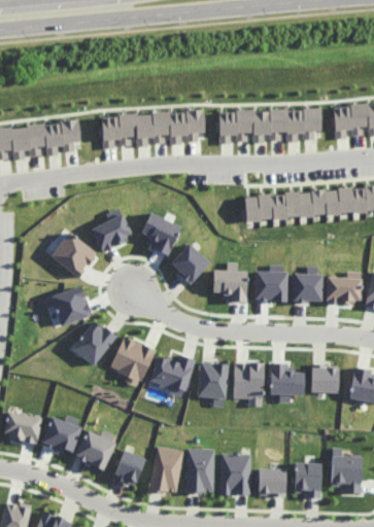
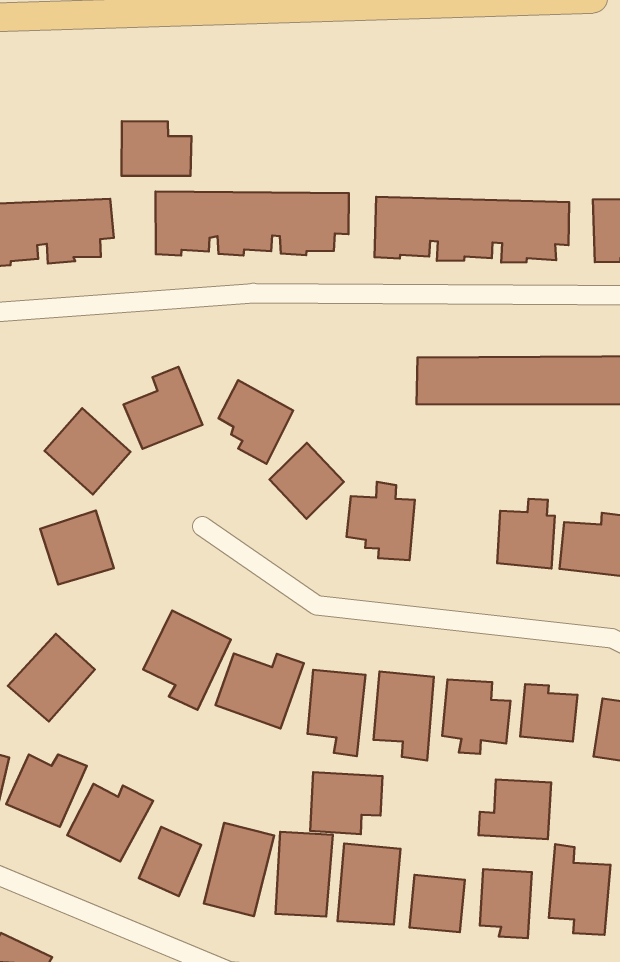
building: none -> [121,121,191,176]
building: [254,265,286,301] -> none
building: [70,319,115,365] -> [8,634,95,721]
building: none -> [478,779,551,839]
building: none -> [310,772,383,834]

